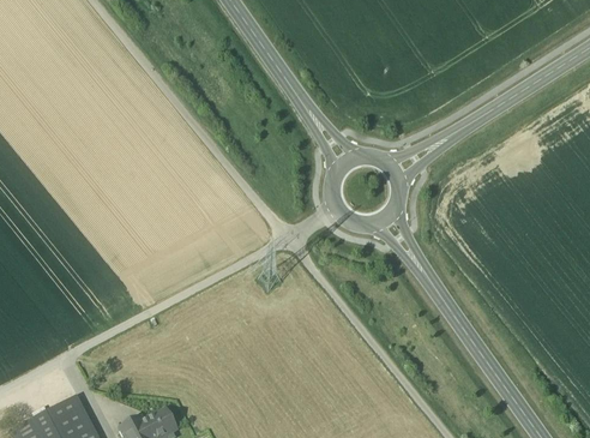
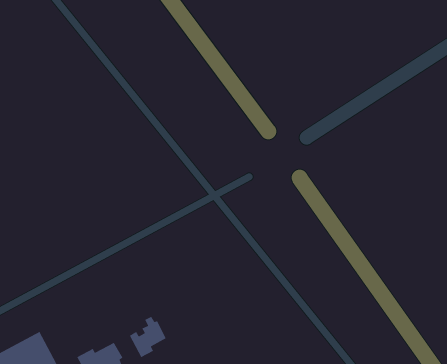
building: none -> [129,316,167,358]

